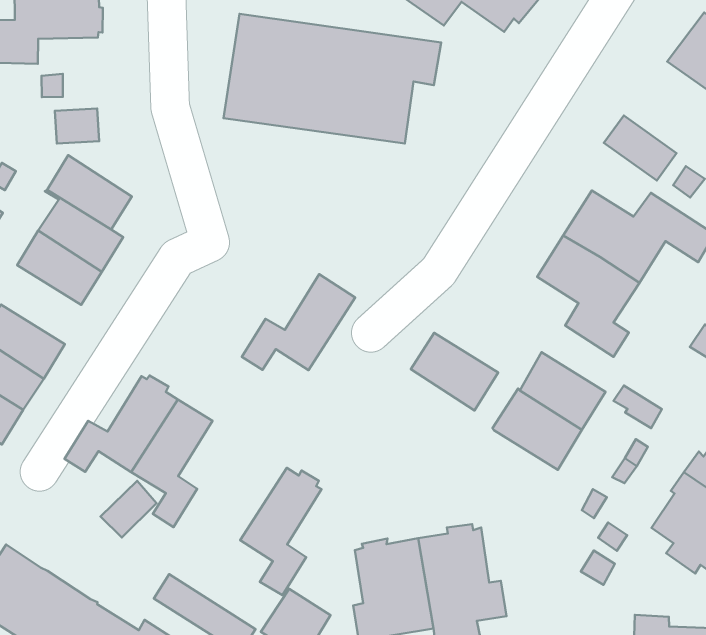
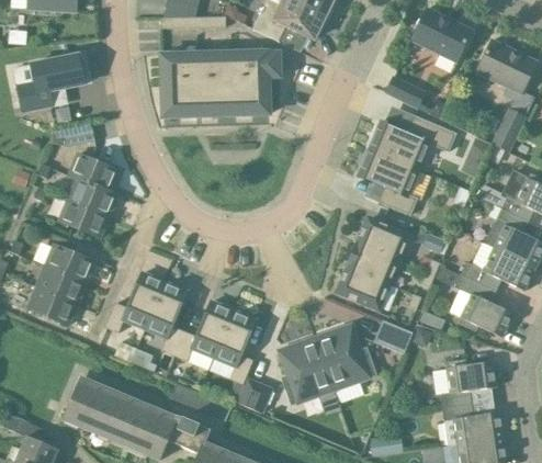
building: [242,274,355,370] -> [174,300,234,360]
building: [411,333,498,411] -> [339,268,389,308]
building: none -> [374,319,413,352]

